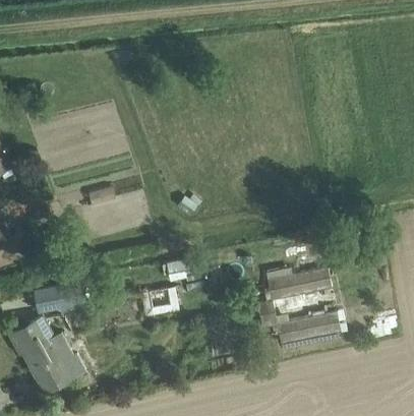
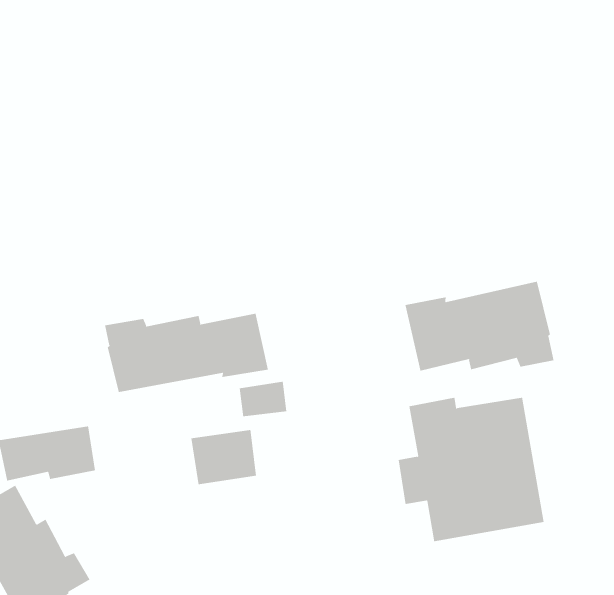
building: none -> [405,281,554,371]
building: none -> [105,313,269,393]

